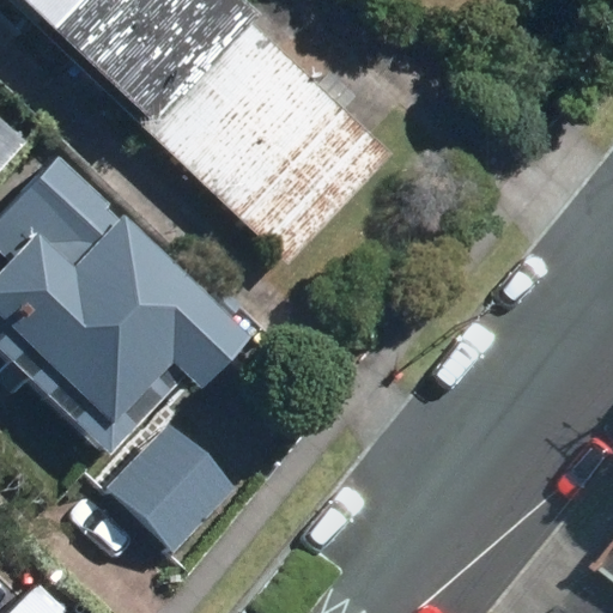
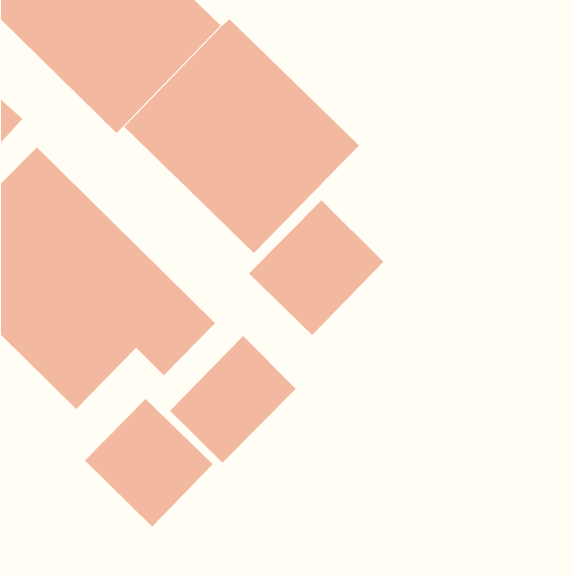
building: none -> [248,199,384,336]
building: none -> [169,335,296,463]

